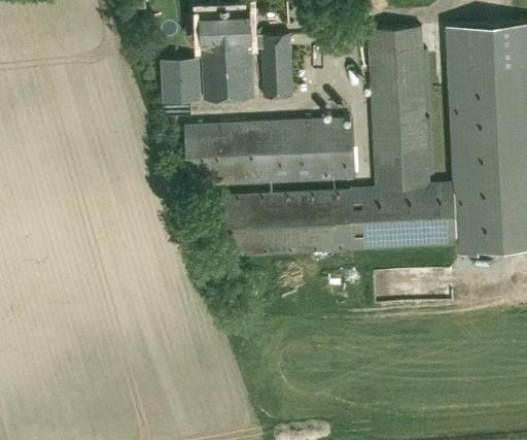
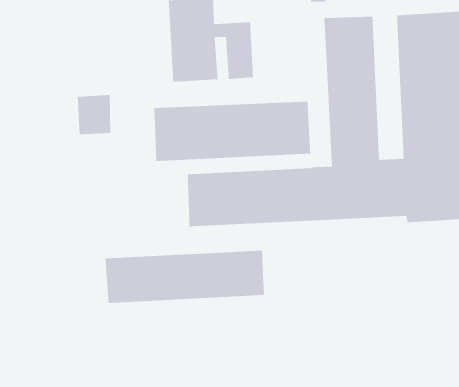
building: [163,57,200,101] -> [77,94,111,135]
building: none -> [105,250,265,304]

